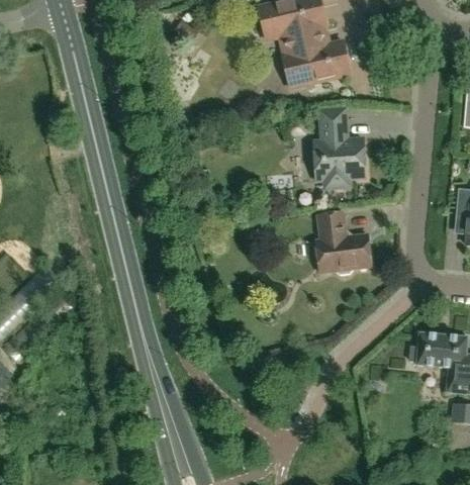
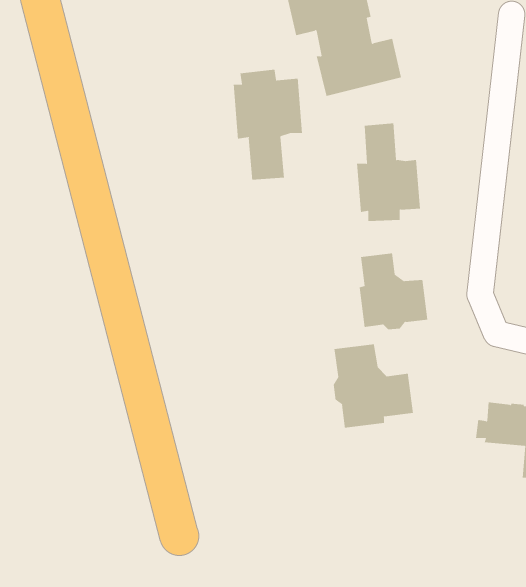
building: none -> [233,69,302,180]
building: none -> [333,343,413,429]

